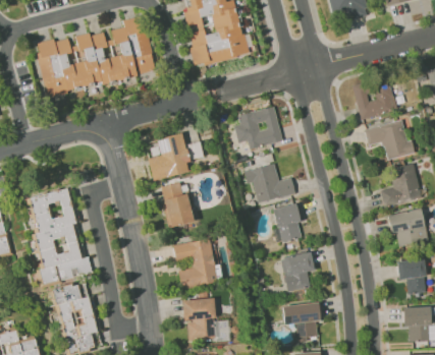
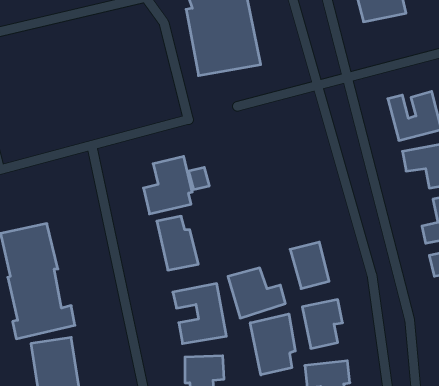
building: [35,15,157,98] -> none
building: [234,106,283,149] -> none
building: [248,163,295,204] -> [228,268,285,318]
building: none -> [250,314,295,375]

